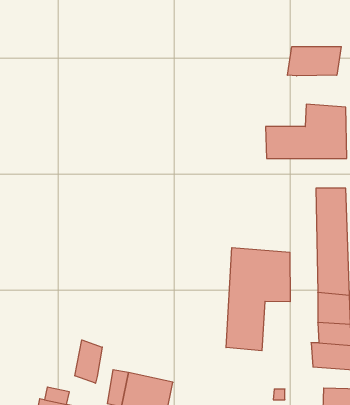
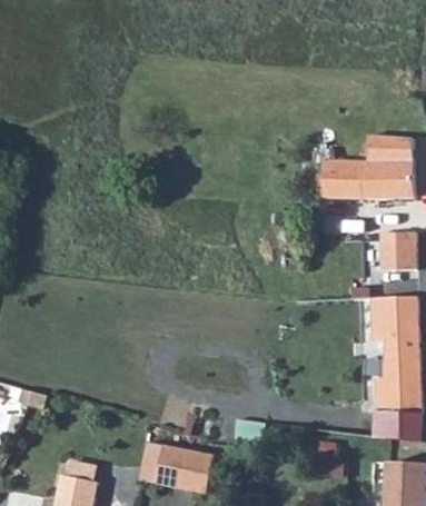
building: [287,47,341,76] -> none
building: [226,248,290,351] -> none
building: [75,340,102,383] -> none

